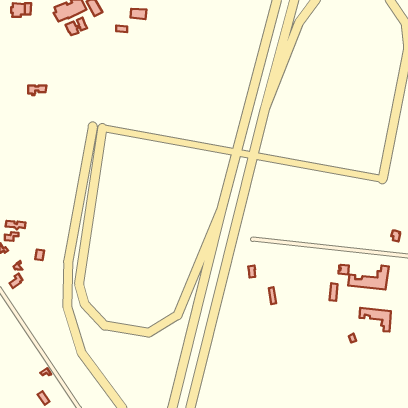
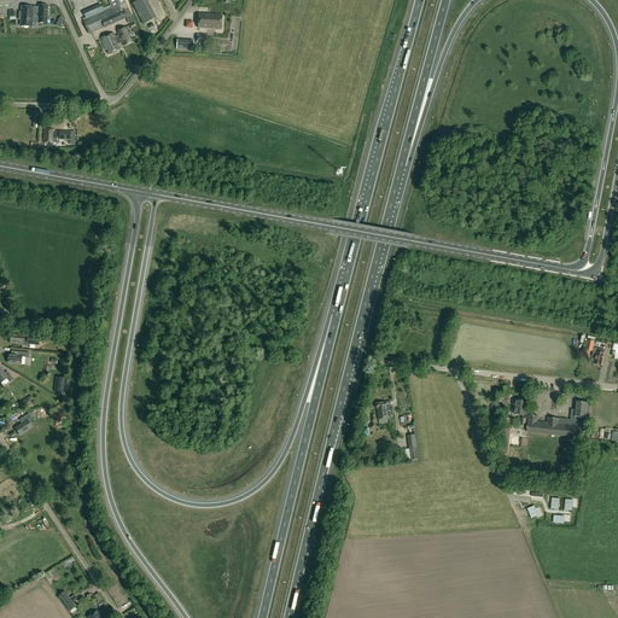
building: [360,308,391,332] -> none

